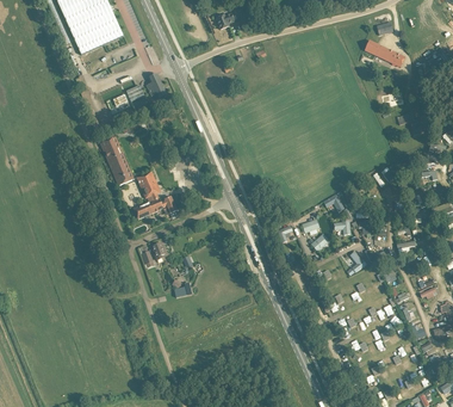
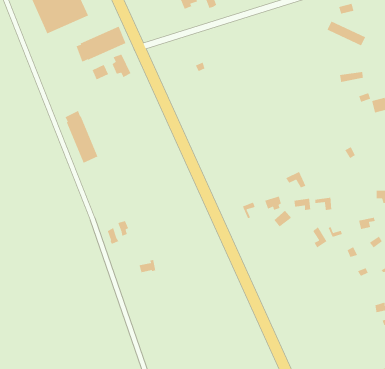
building: none -> [76,25,127,63]
building: [134,171,176,220] -> none

